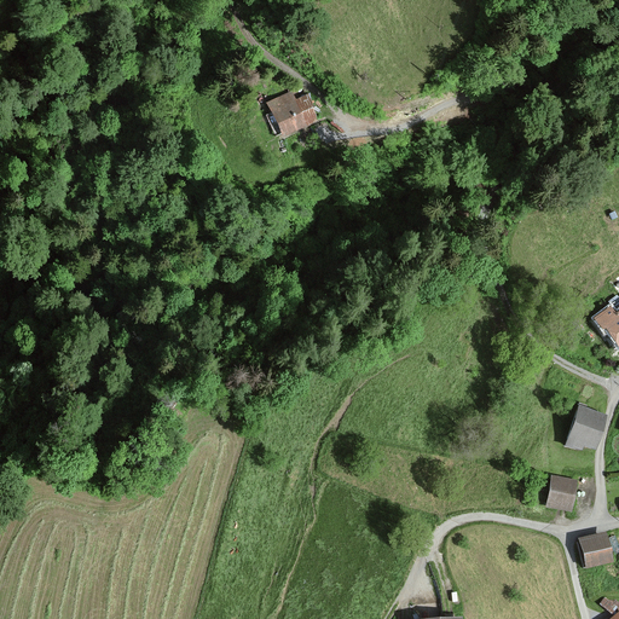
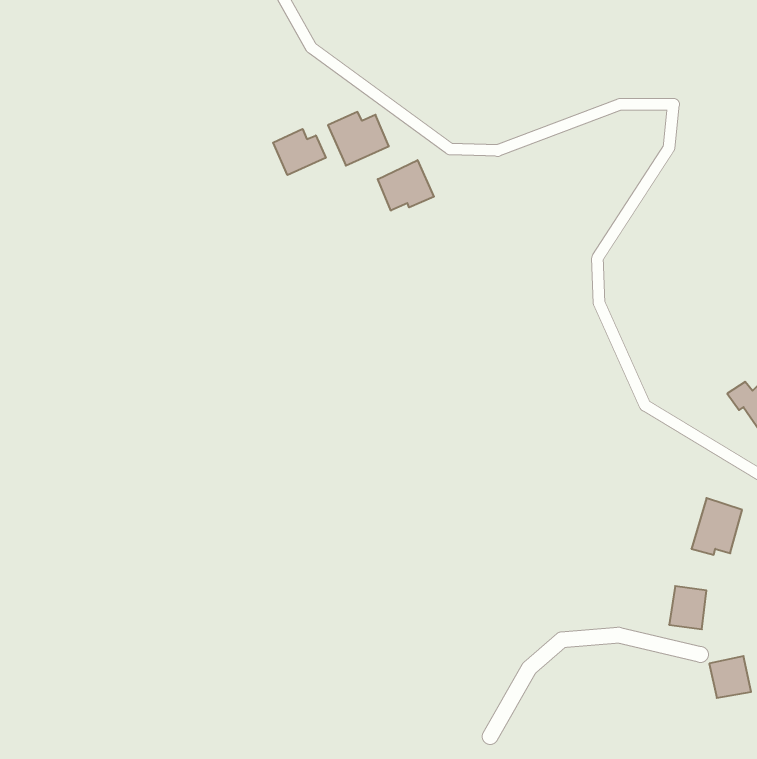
building: none -> [273,129,326,175]
building: none -> [378,160,434,211]

